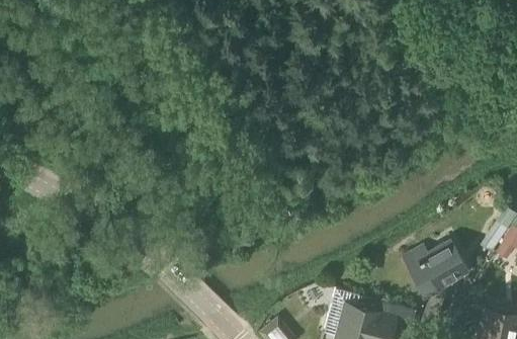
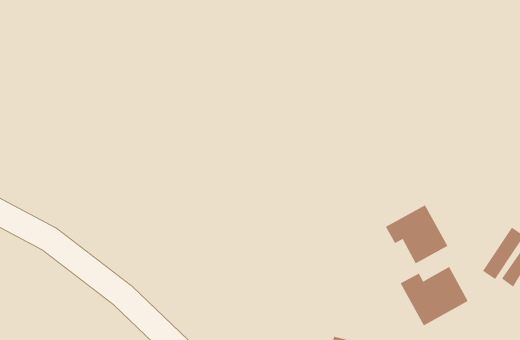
building: none -> [385,205,448,264]

